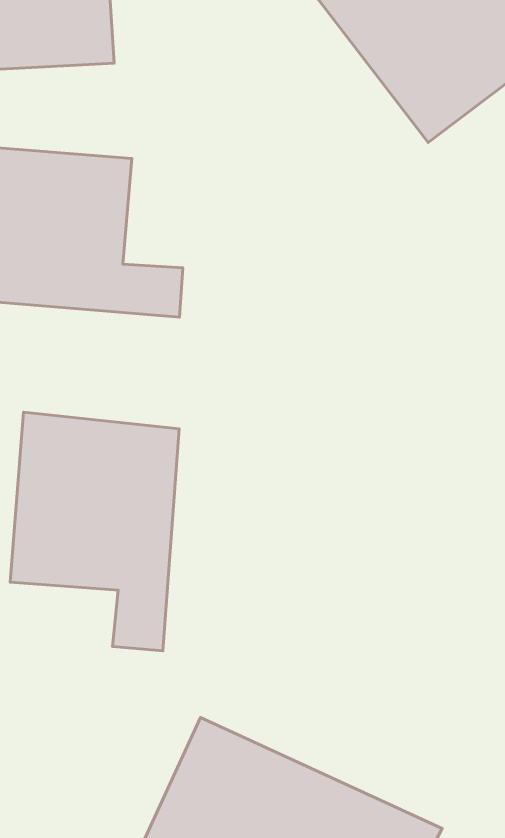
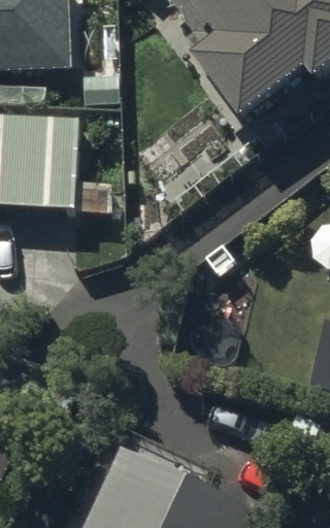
building: [10,412,179,651] -> none

